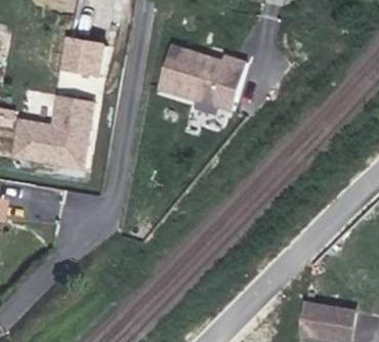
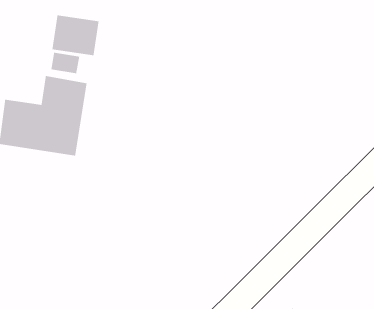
building: [155,42,243,108] -> none

